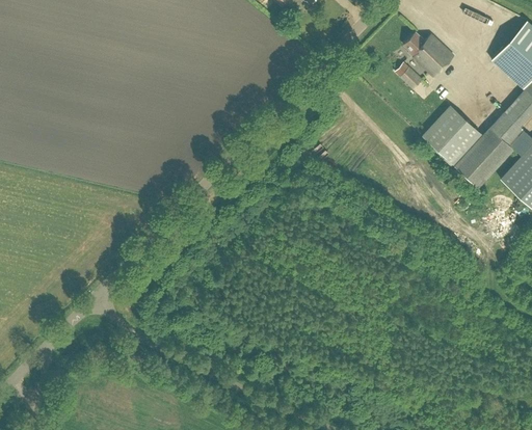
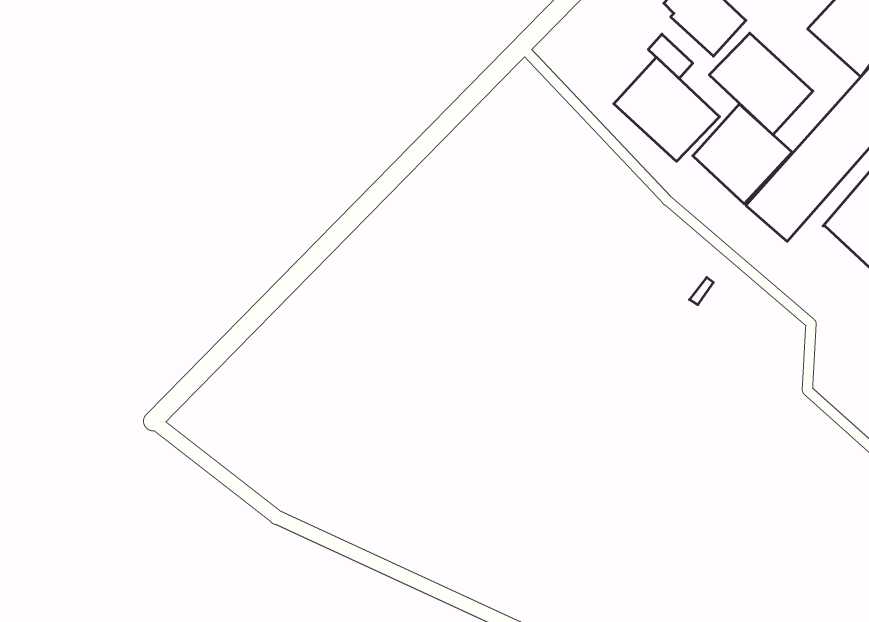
building: none -> [709,33,813,135]
building: none -> [614,57,720,161]

